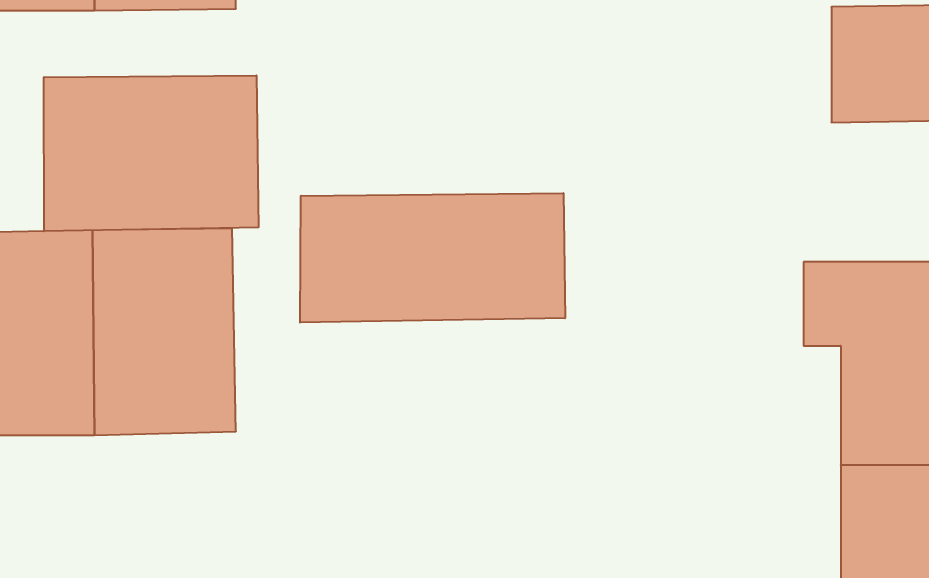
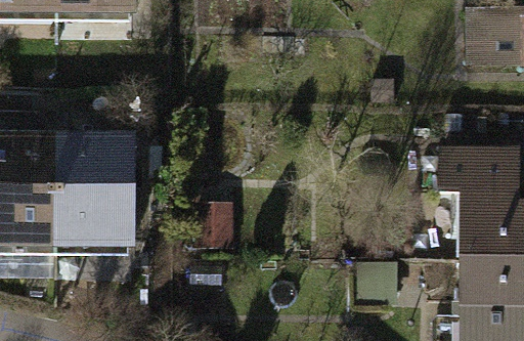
building: [44,75,258,231] -> none
building: [300,193,565,323] -> none

